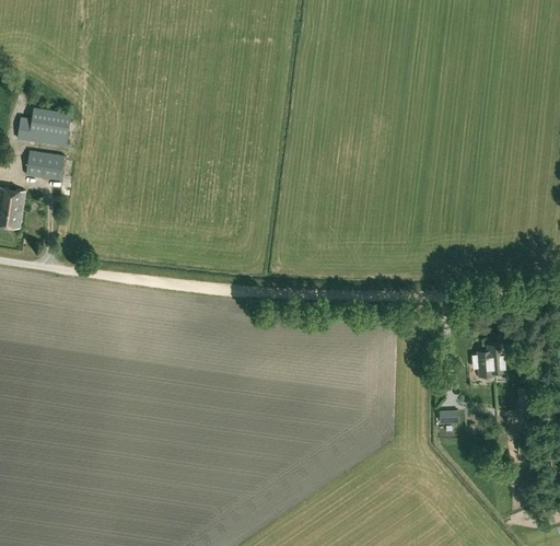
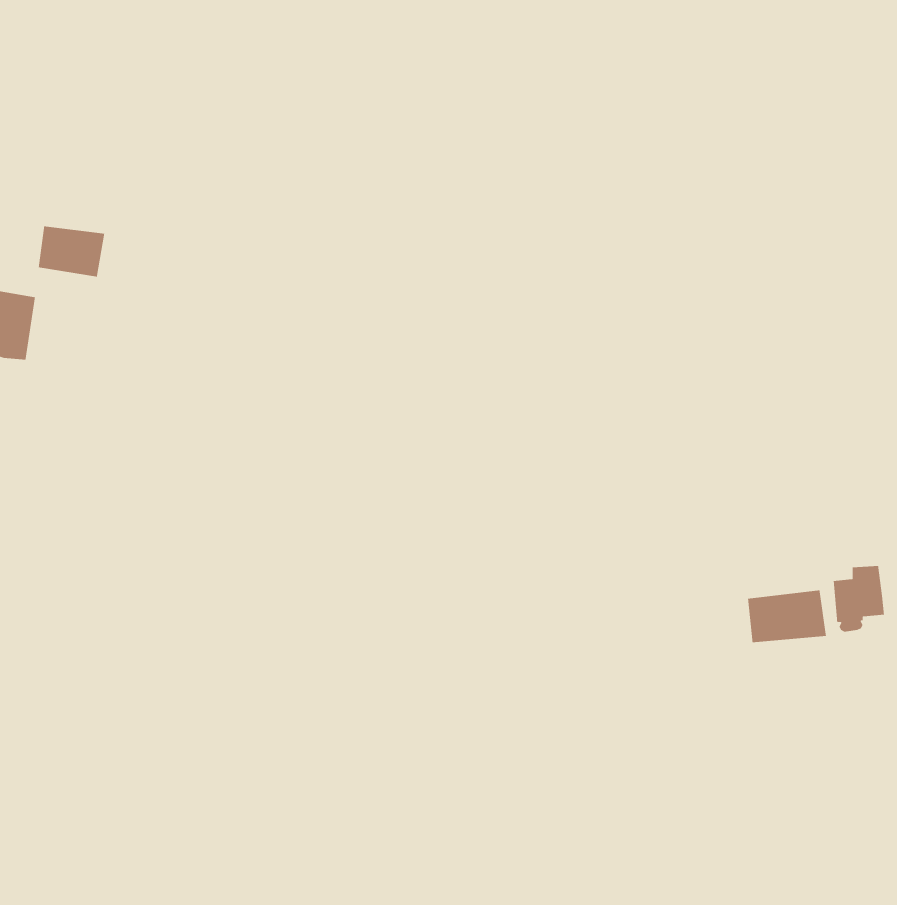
building: [16,107,70,146] -> none
building: none -> [747,589,827,643]

